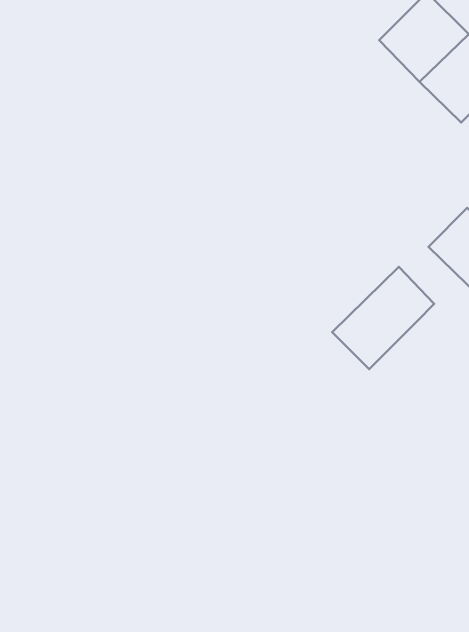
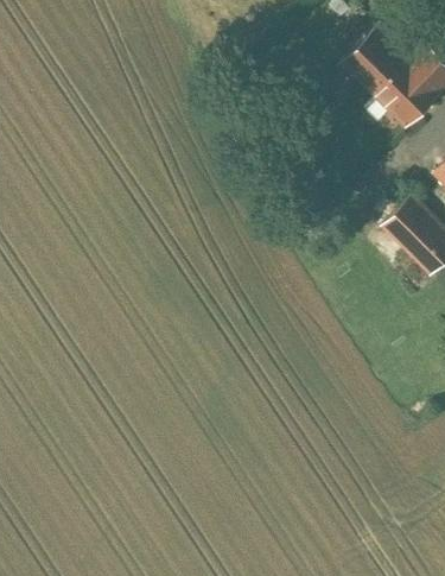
building: [332,267,434,369] -> none

